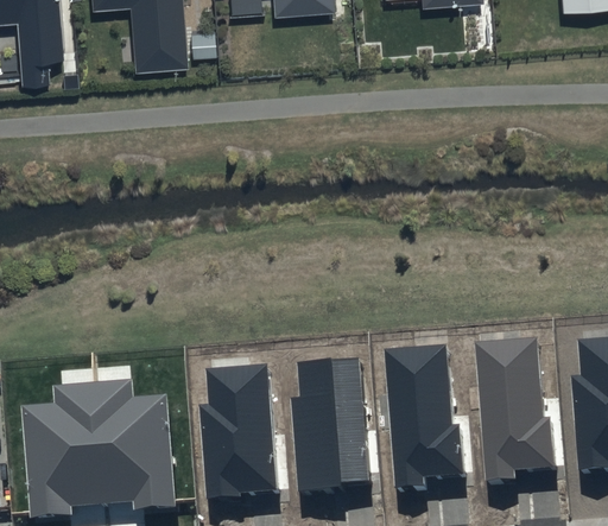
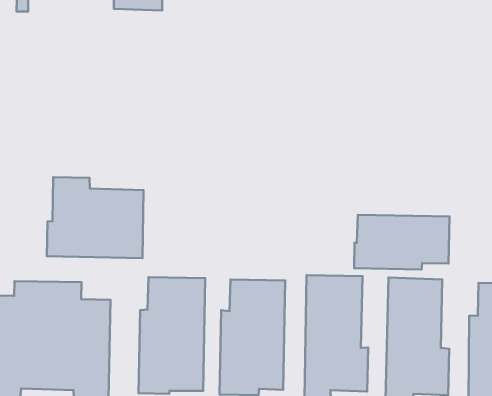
building: none -> [47,177,143,258]
building: none -> [354,215,449,269]

